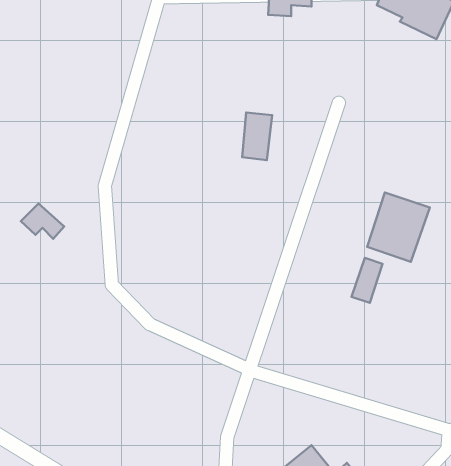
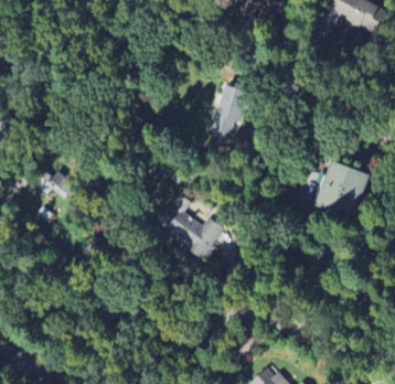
building: none -> [160,193,224,256]
building: [351,258,382,303] -> none

